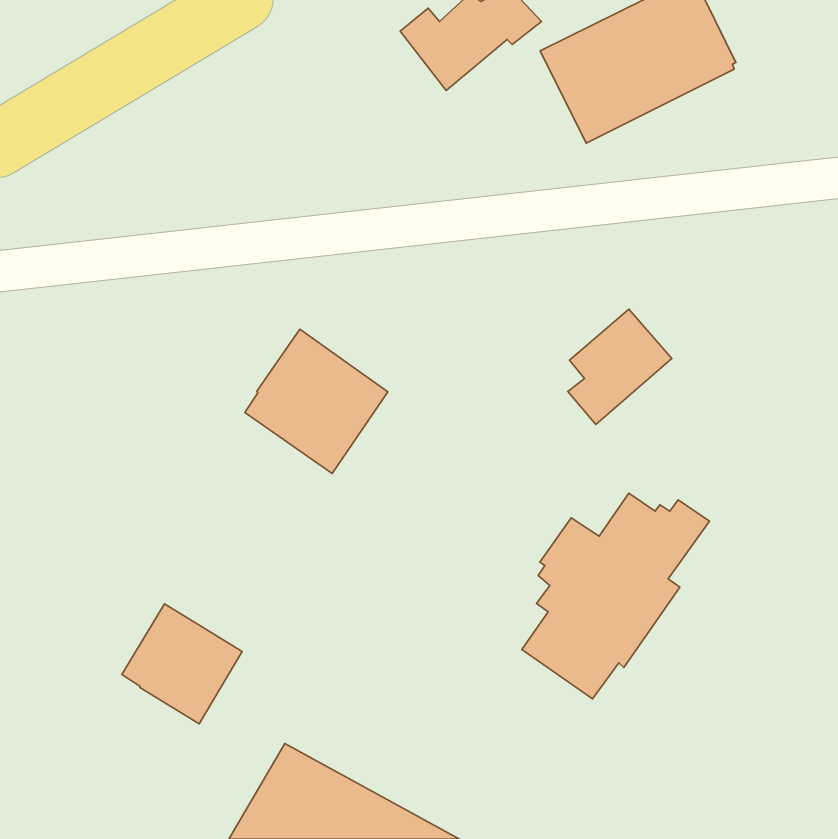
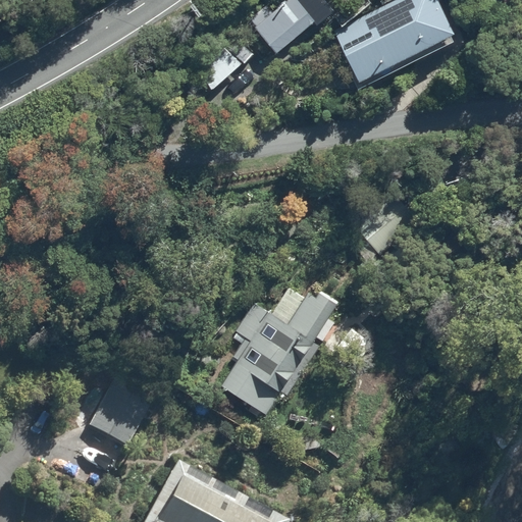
building: [245,329,388,473] -> none
building: [522,493,709,699] -> [222,289,338,416]

